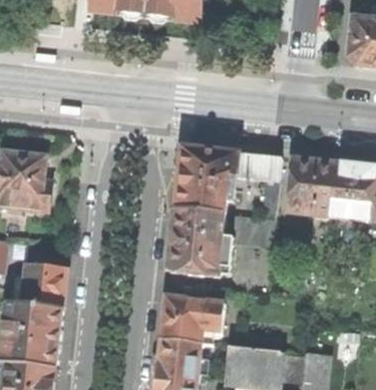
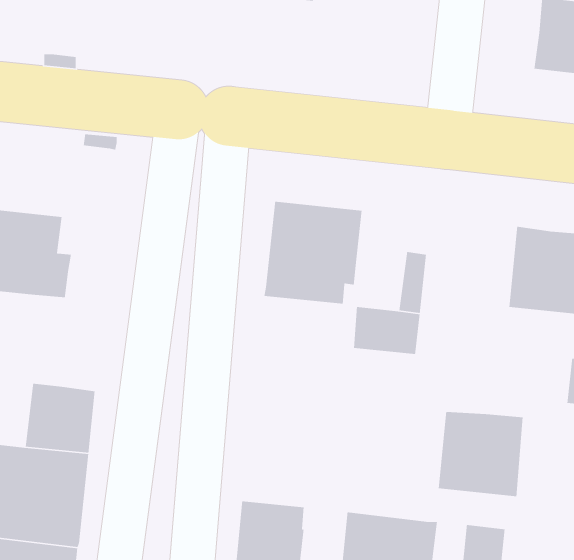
building: [232,153,280,191] -> none
building: [285,159,334,216] -> none
building: [166,209,224,276] -> none
building: none -> [438,411,524,497]
building: [158,296,222,345] -> none

